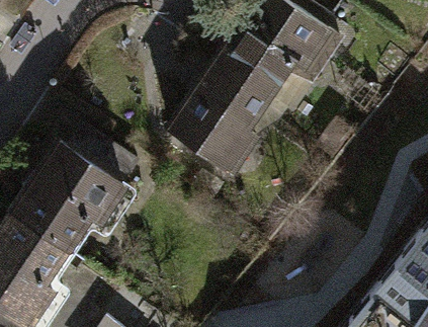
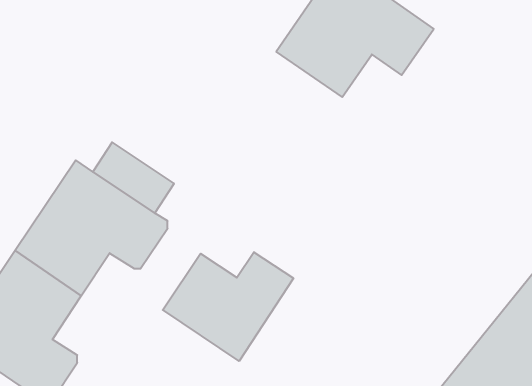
building: [169,60,270,175] -> none
building: none -> [163,252,293,361]

